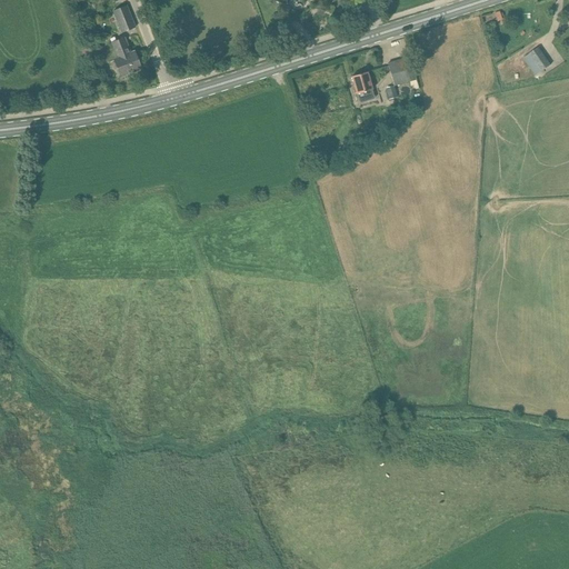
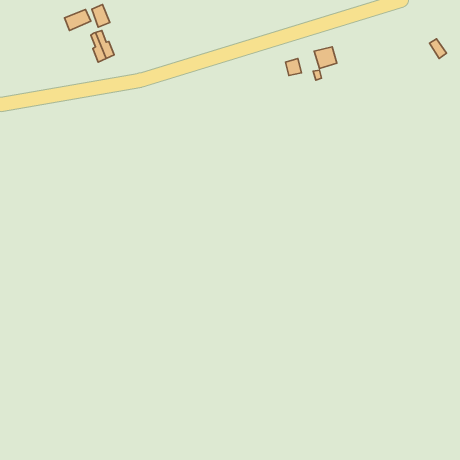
building: none -> [65,10,91,30]

